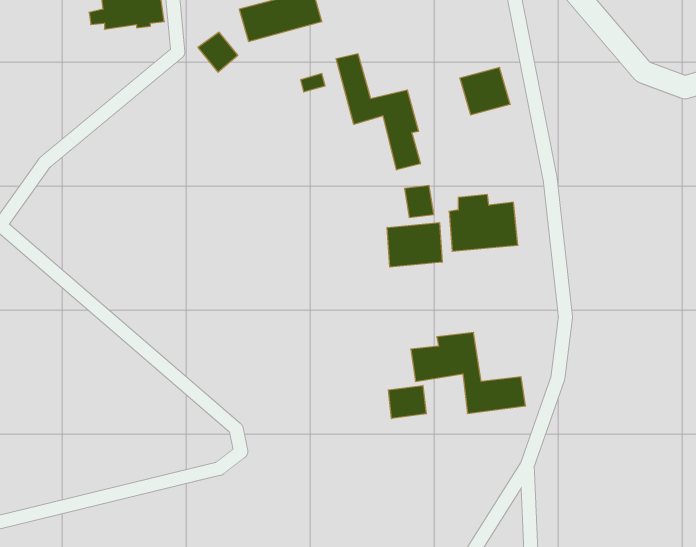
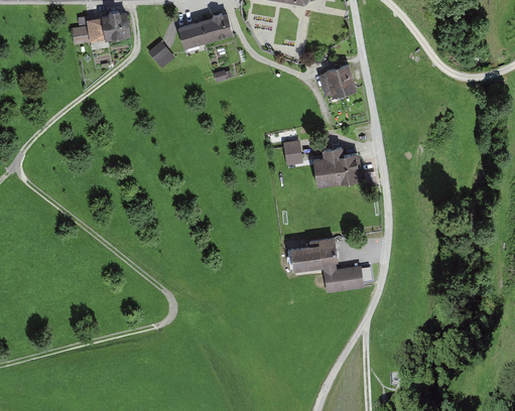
building: [336,54,420,170] -> none
building: [387,223,442,267] -> none
building: [388,385,426,419] -> none

